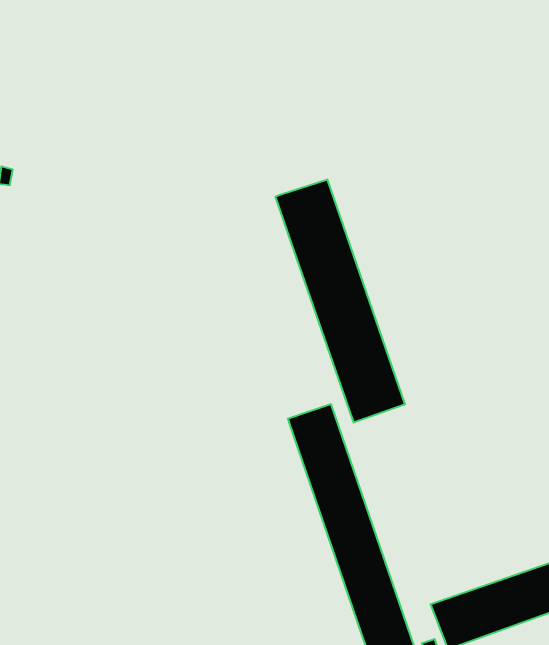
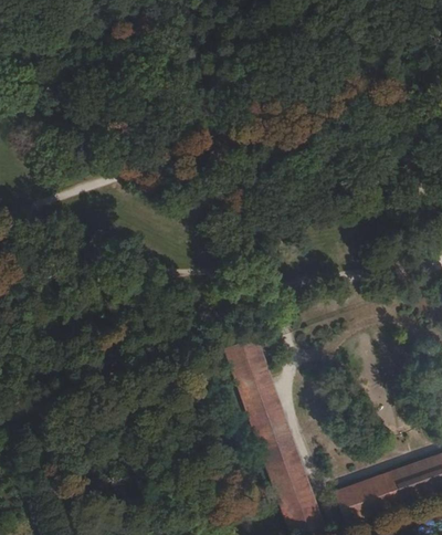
building: [276,179,405,423] -> none

